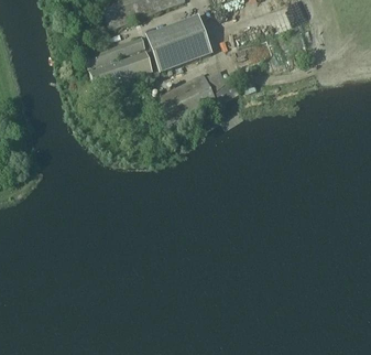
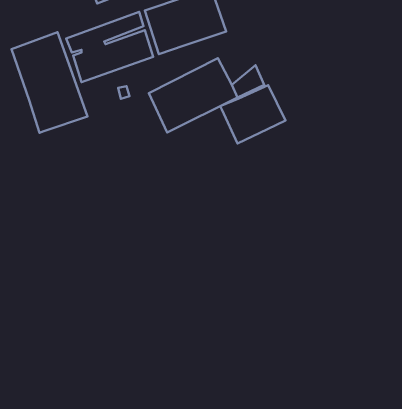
building: none -> [12,32,87,133]
building: none -> [220,85,286,143]

